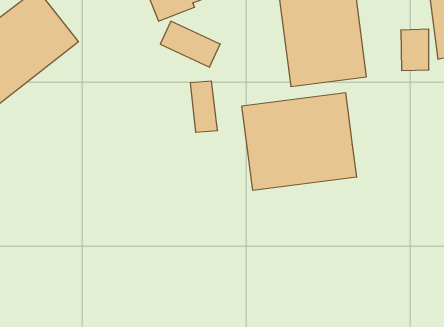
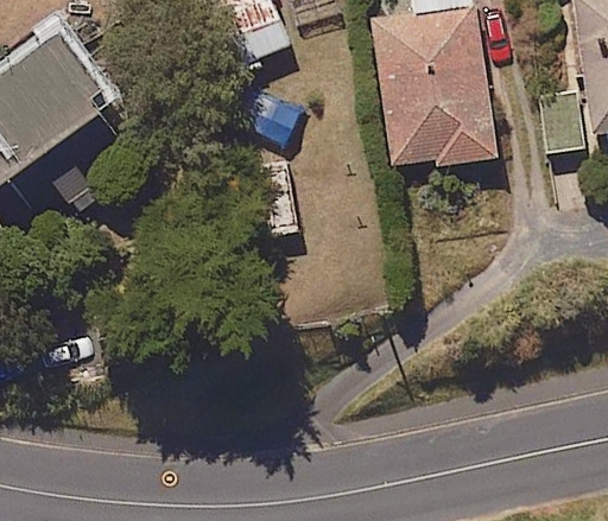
building: [242,93,356,190] -> none

